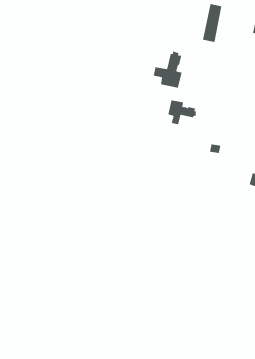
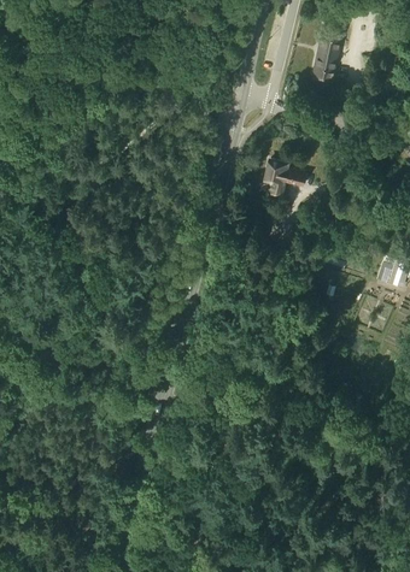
building: [153,51,182,88] -> none

